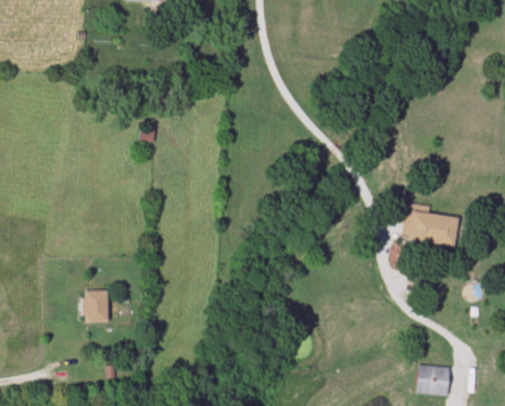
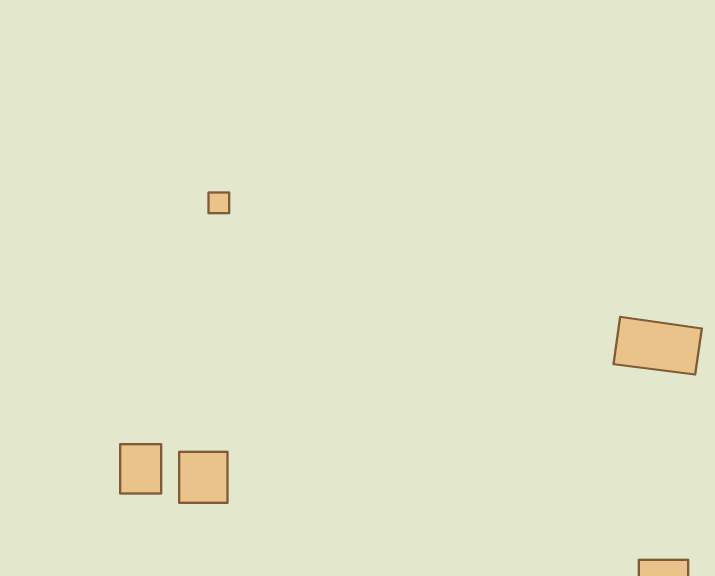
building: none -> [179,452,227,503]

